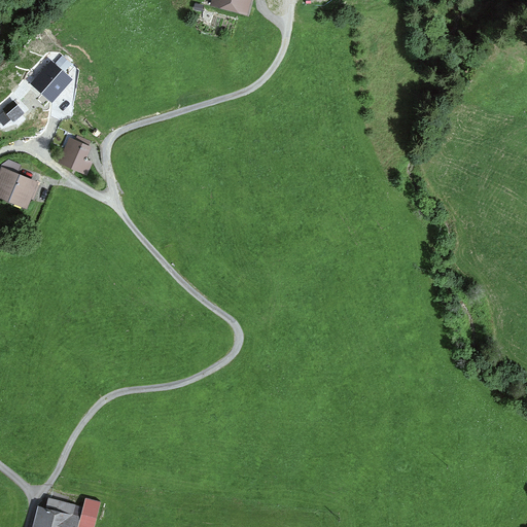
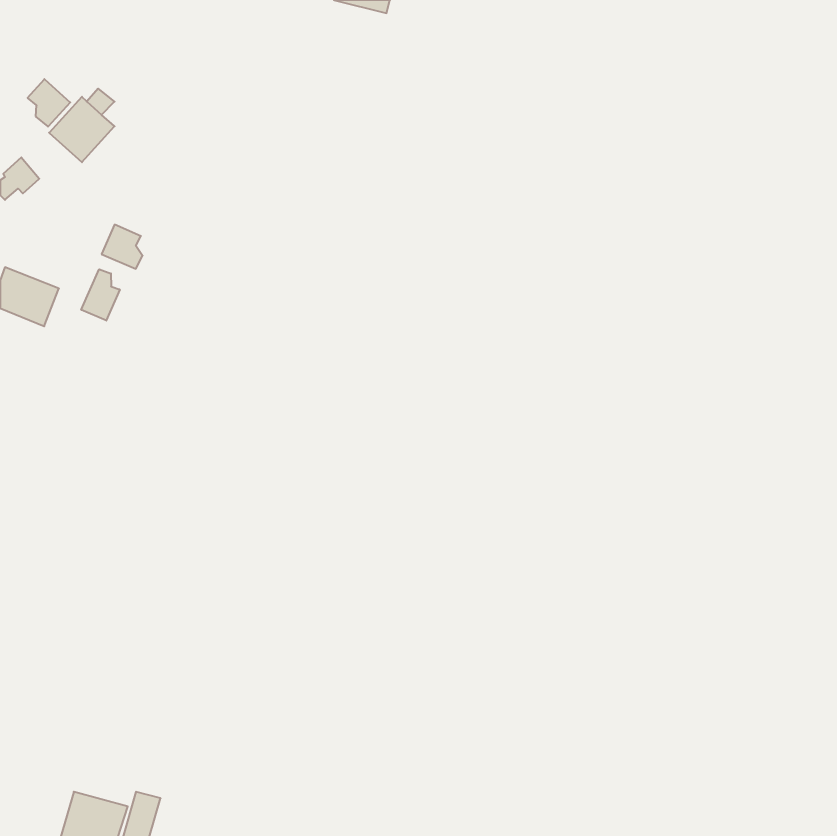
building: none -> [28,79,70,127]
building: none -> [81,269,120,321]

